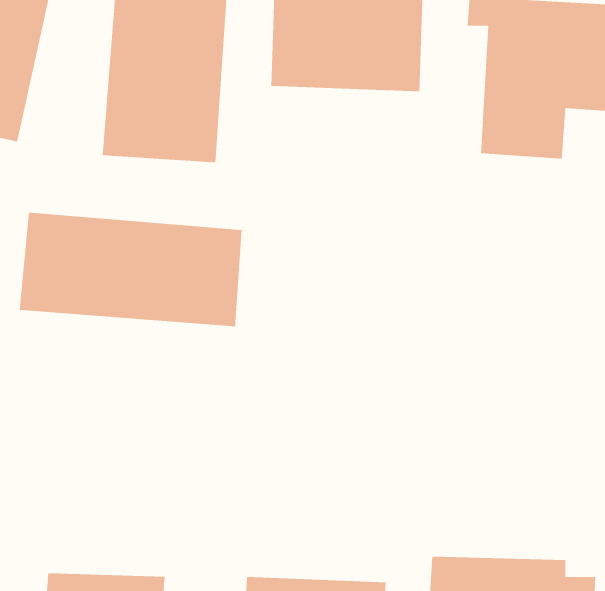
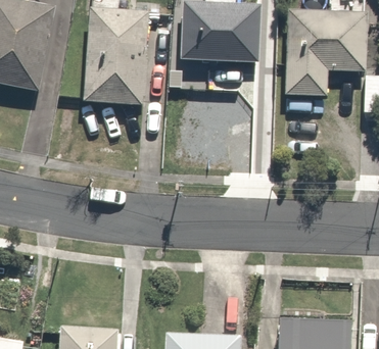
building: [19,212,242,327] -> none

